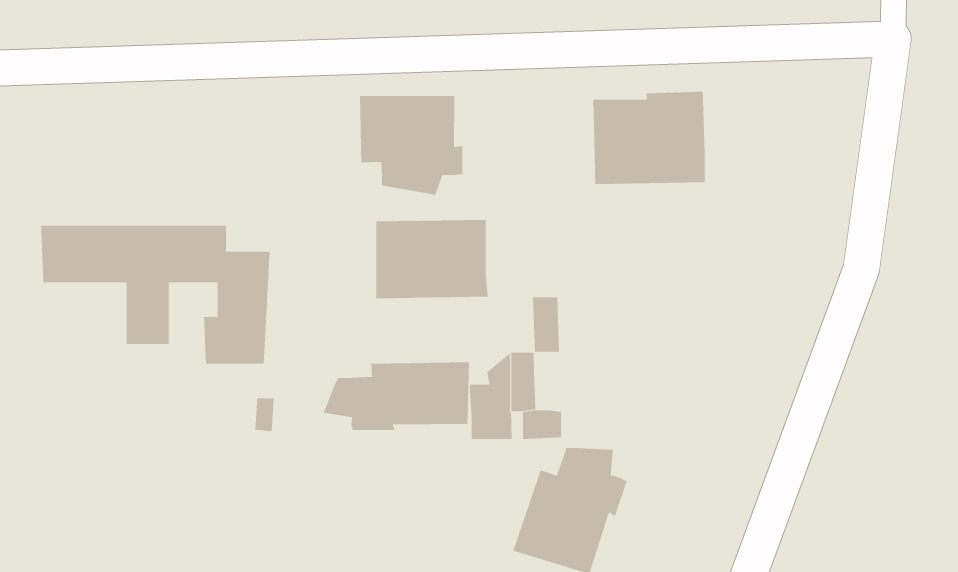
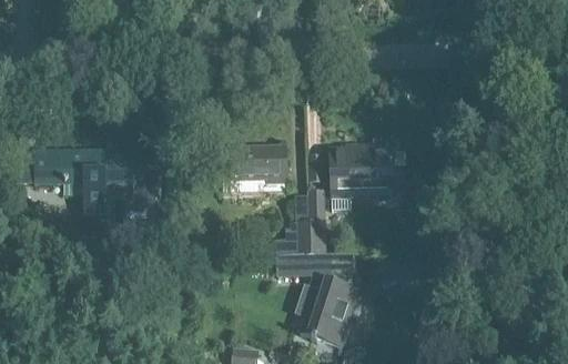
building: [592,91,705,184] -> [327,142,390,194]
building: [360,95,463,195] -> none
building: [323,361,469,431] -> none

